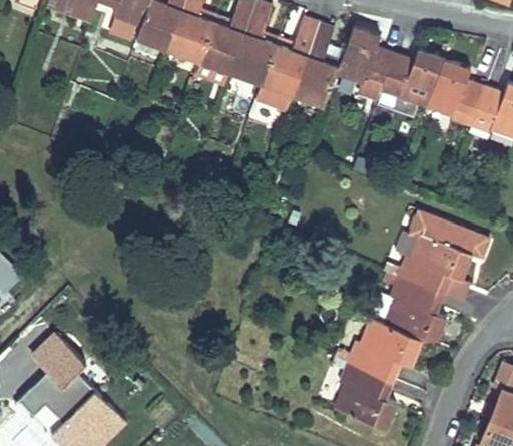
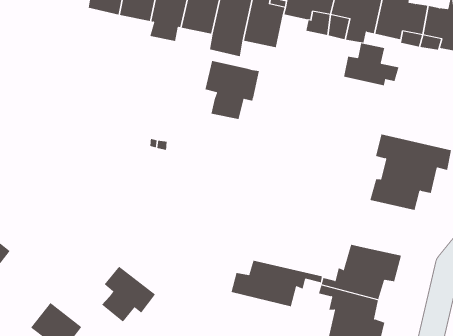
building: none -> [205,60,260,120]
building: none -> [343,43,399,86]
building: [385,277,447,344] -> none
building: none -> [101,266,156,323]
building: none -> [231,260,323,307]

